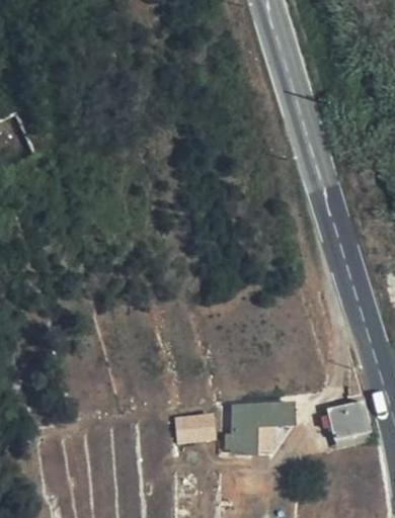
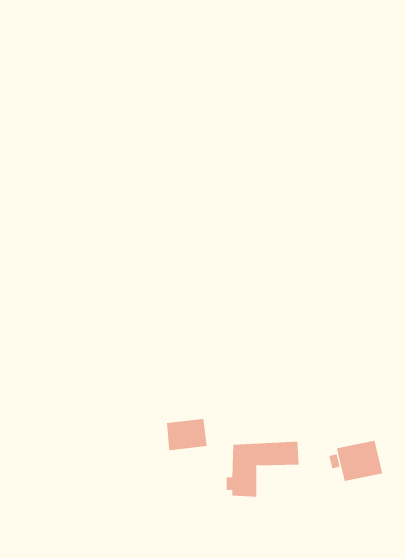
building: [178,414,216,443] -> [166,418,207,451]

